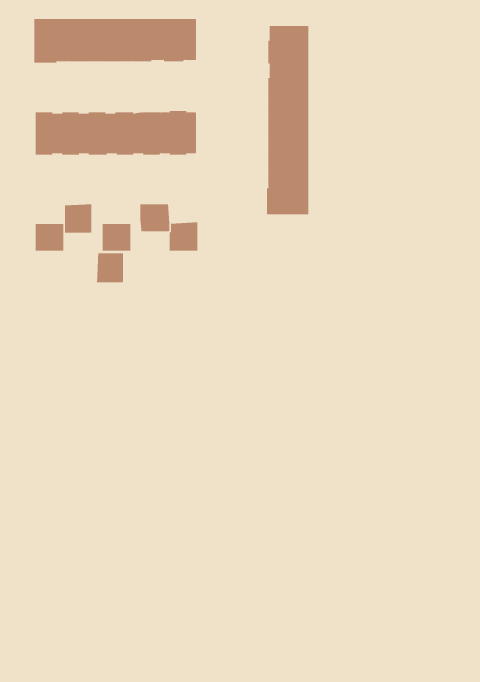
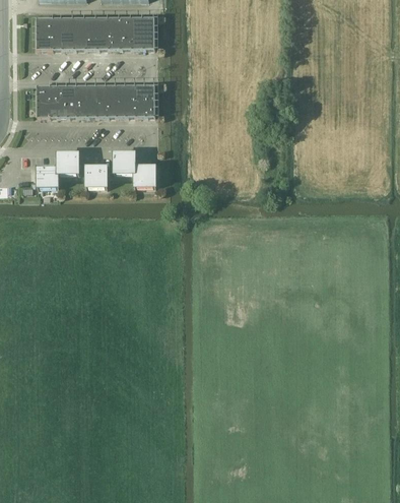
building: [267,25,309,215] -> none
building: [97,253,123,283] -> none

